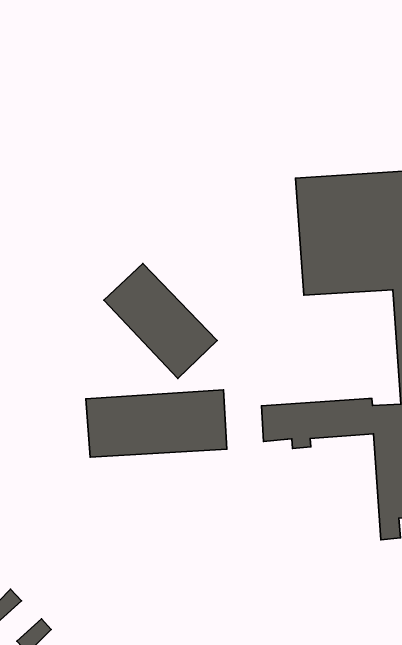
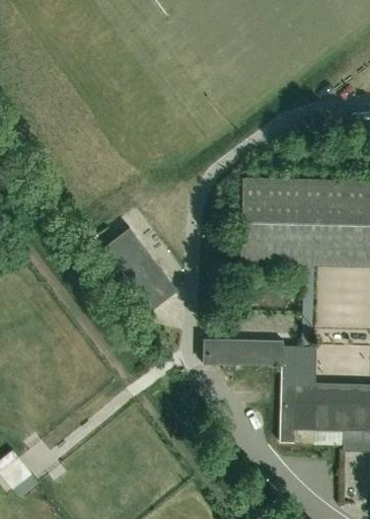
building: [86,390,227,457] -> none

